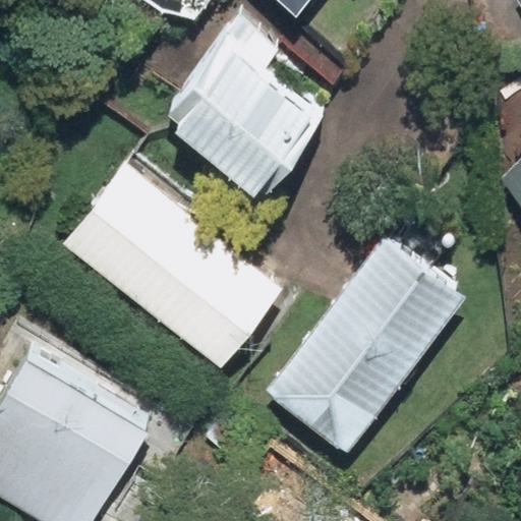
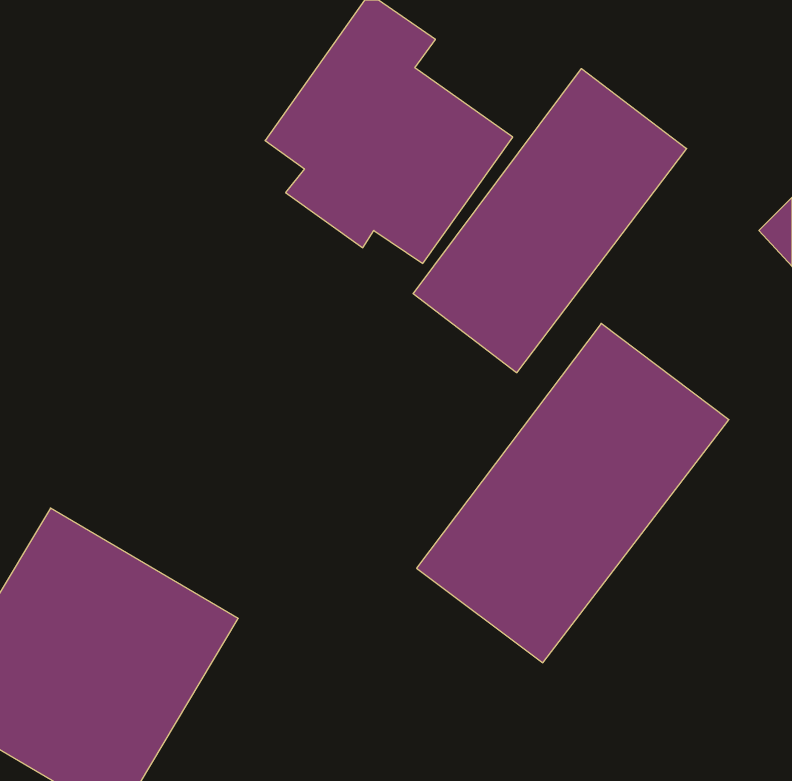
building: none -> [413,69,687,373]
building: [64,158,286,360] -> none

